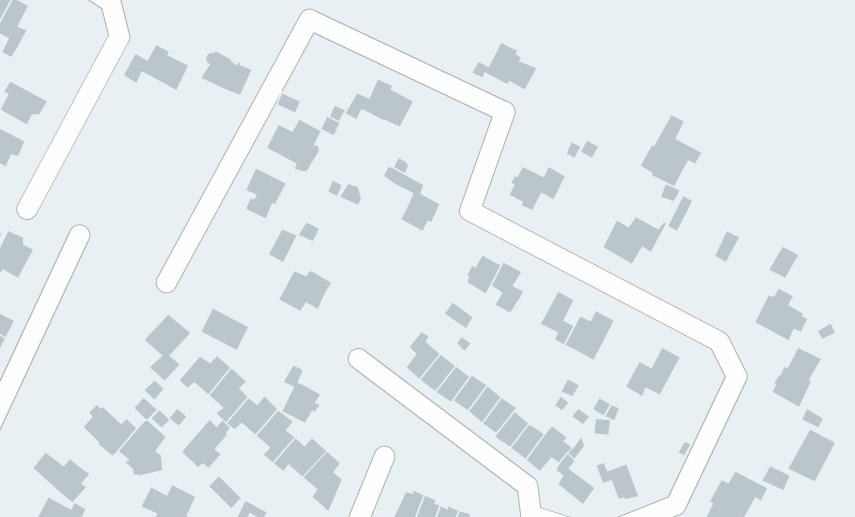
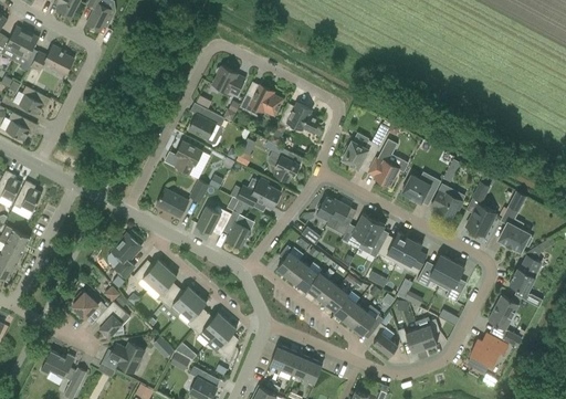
building: [471,42,537,90] -> [277,103,319,134]
building: [123,44,189,91] -> [31,45,73,75]
building: [200,50,253,96] -> [211,66,244,95]
building: [640,114,702,187] -> [367,139,407,186]
building: none -> [235,179,280,208]
building: none -> [430,185,462,219]
building: none -> [465,204,495,237]
building: none -> [340,213,374,245]
building: [200,308,249,351] -> [156,189,187,217]
building: none -> [396,239,426,274]
building: none -> [438,262,464,303]
building: [281,365,321,424] -> [224,211,250,249]
building: [181,419,231,469] -> none
building: [787,429,836,483] -> [486,295,517,329]
building: none -> [415,317,439,350]
building: [33,451,90,504] -> none

